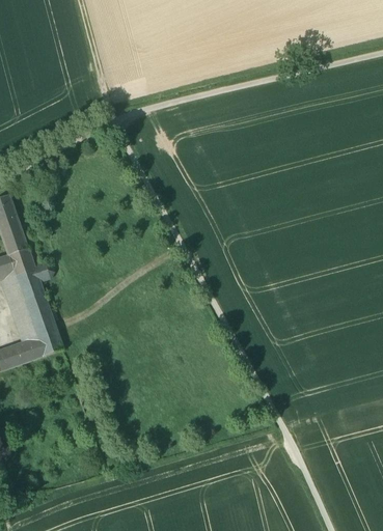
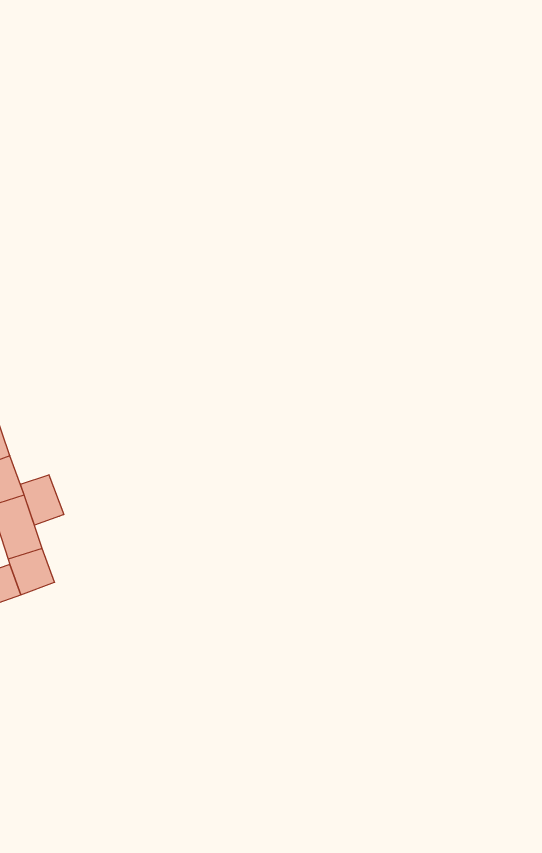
building: none -> [21,475,64,525]

